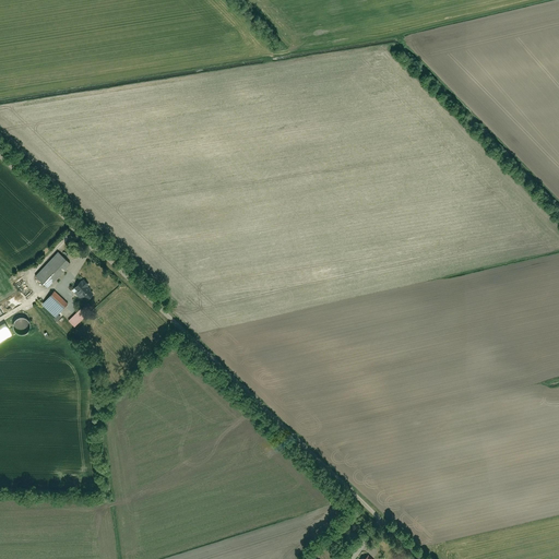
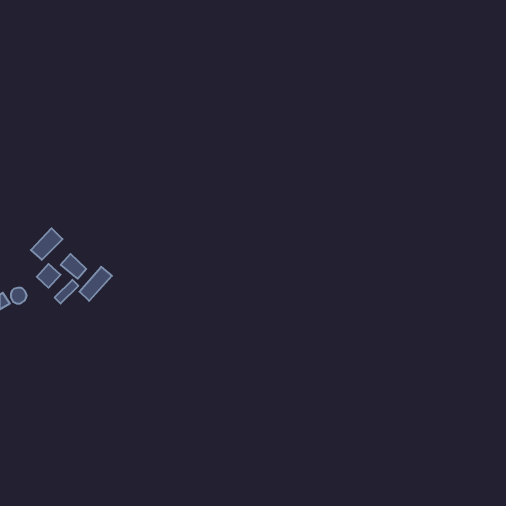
building: none -> [79,267,112,301]

